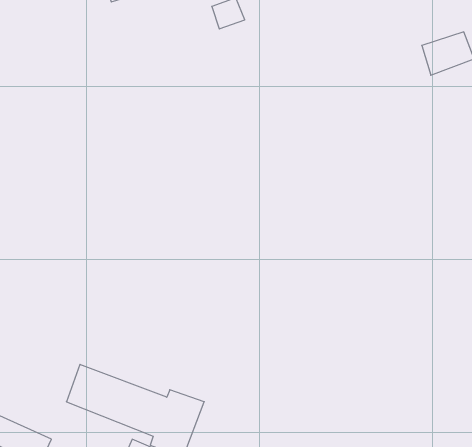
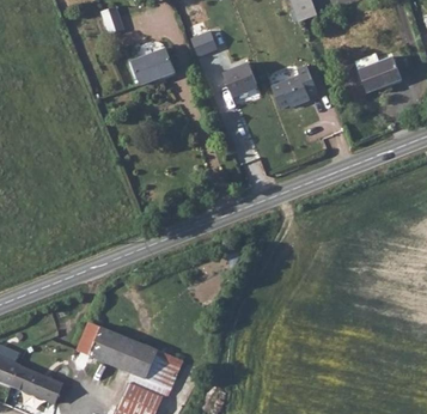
building: none -> [132,48,176,84]
building: none -> [222,62,257,93]
building: none -> [273,66,318,110]

